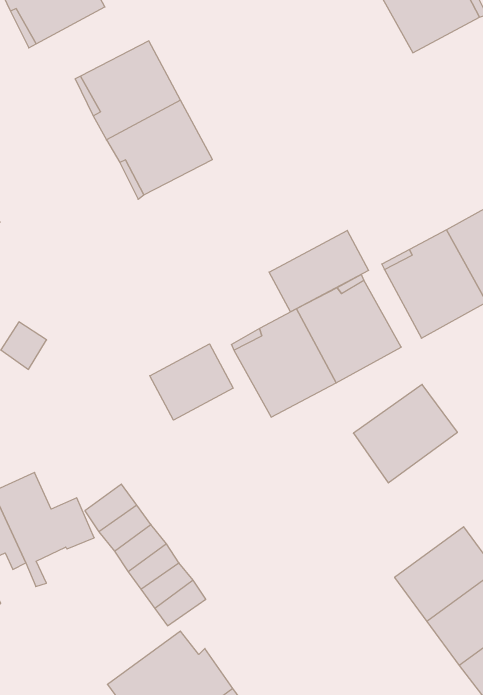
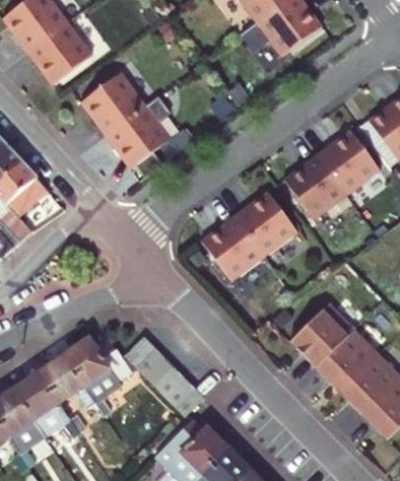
building: [269,230,369,312] -> none
building: [150,344,233,420] -> none
building: [353,384,457,483] -> [291,305,353,367]

